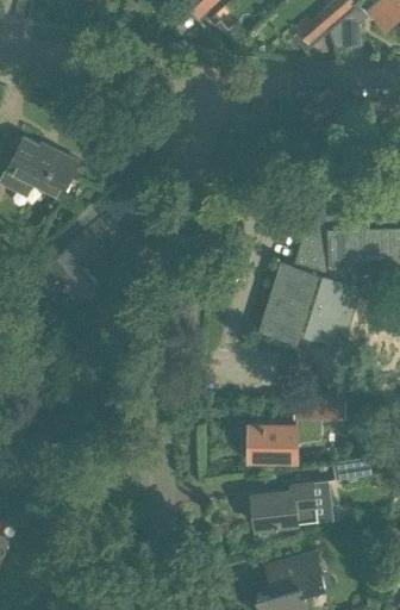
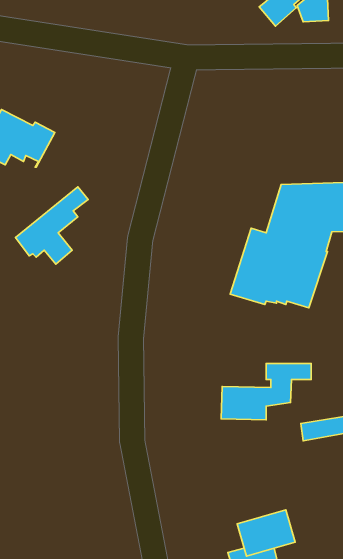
building: [250,484,329,541] -> none

